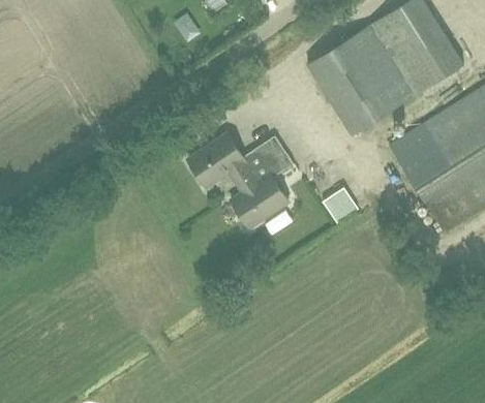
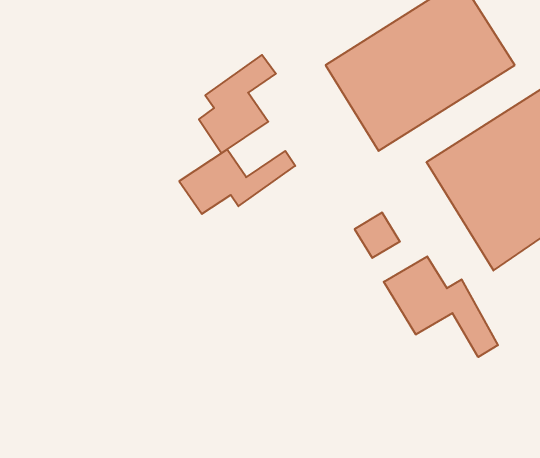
building: [231,148,294,228] -> [199,55,276,153]
building: none -> [384,256,498,357]

